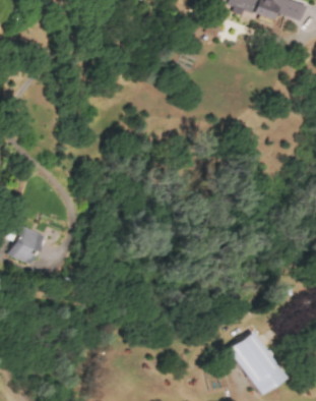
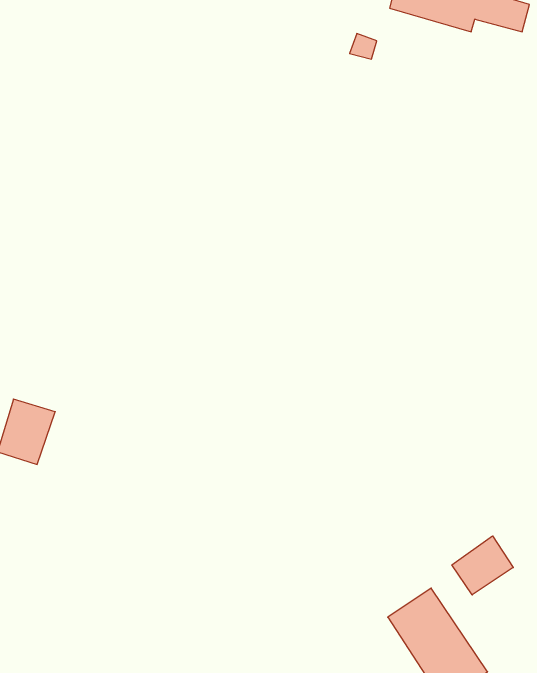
building: none -> [452,536,513,595]

